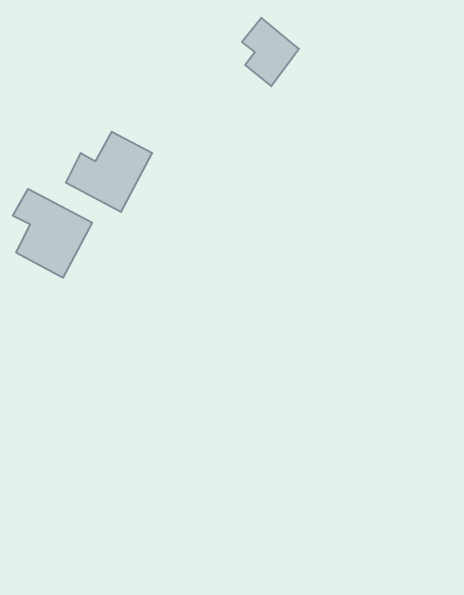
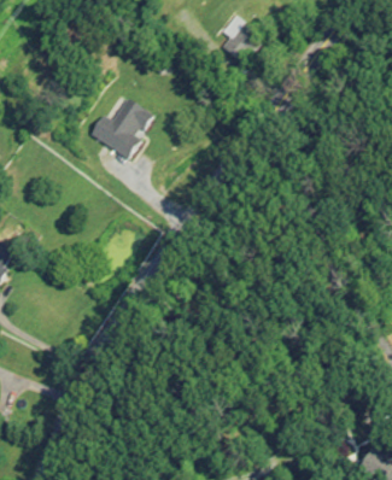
building: [13,189,92,278] -> none

